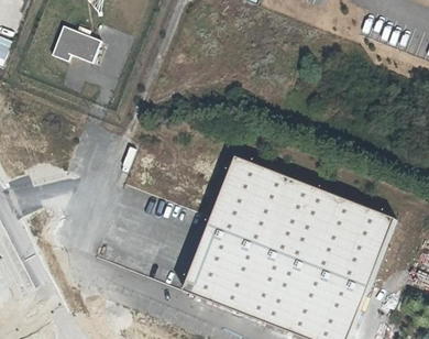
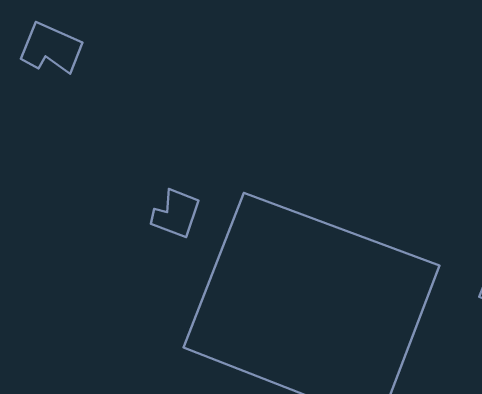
building: none -> [151,189,199,237]

